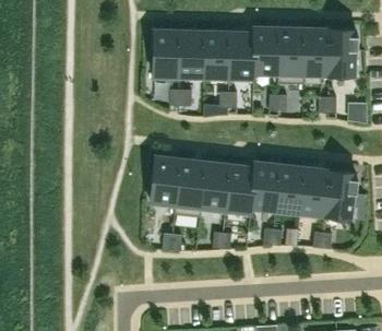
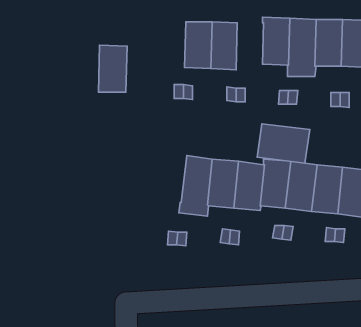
building: [153,31,180,75] -> [98,45,127,92]
building: [228,33,254,78] -> none
building: none -> [257,124,310,163]
building: [151,157,181,204] -> none

